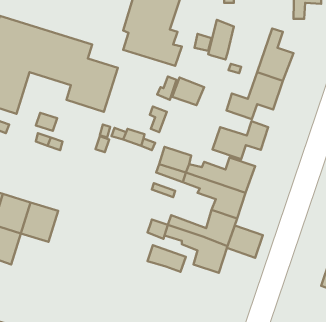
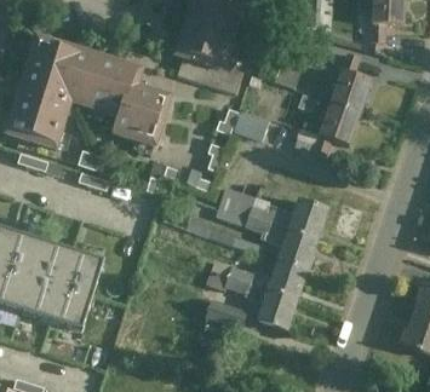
building: [213,121,268,159] -> none
building: [227,225,263,258] -> none
building: none -> [50,284,92,329]

